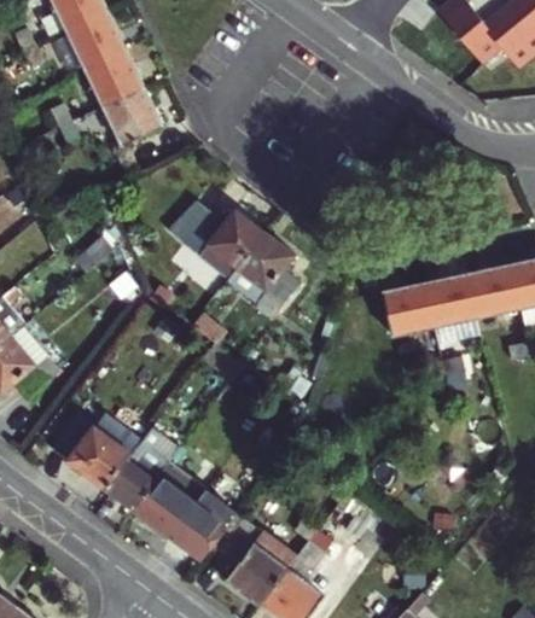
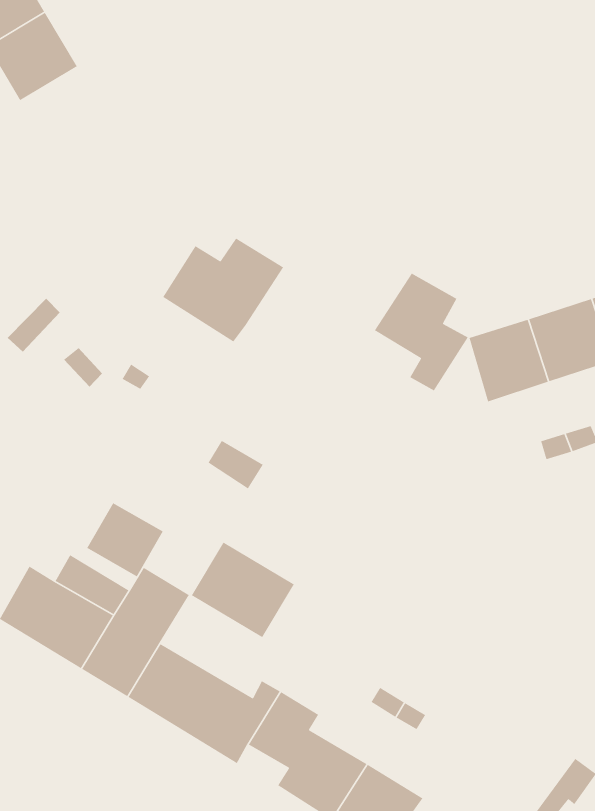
building: [100,86,161,145] -> none
building: [237,233,300,314] -> [374,272,469,391]
building: none -> [86,502,164,578]
building: none -> [191,542,295,638]

